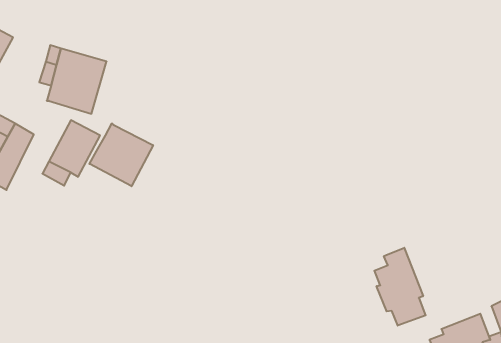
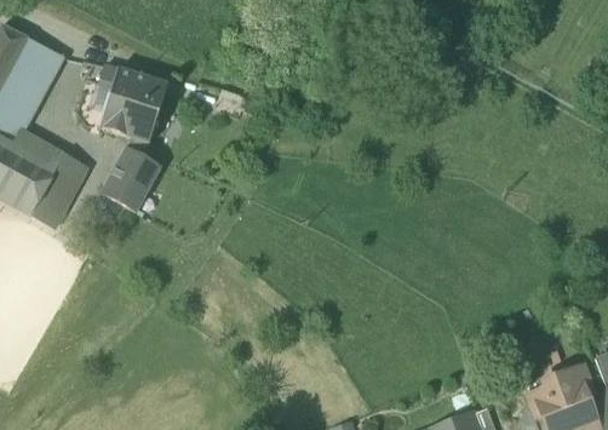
building: [89,123,153,186] -> none
building: [374,248,426,326] -> none

